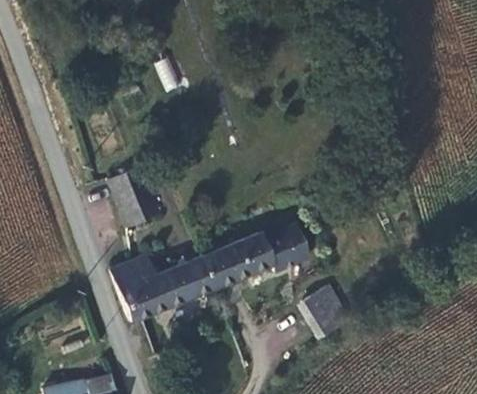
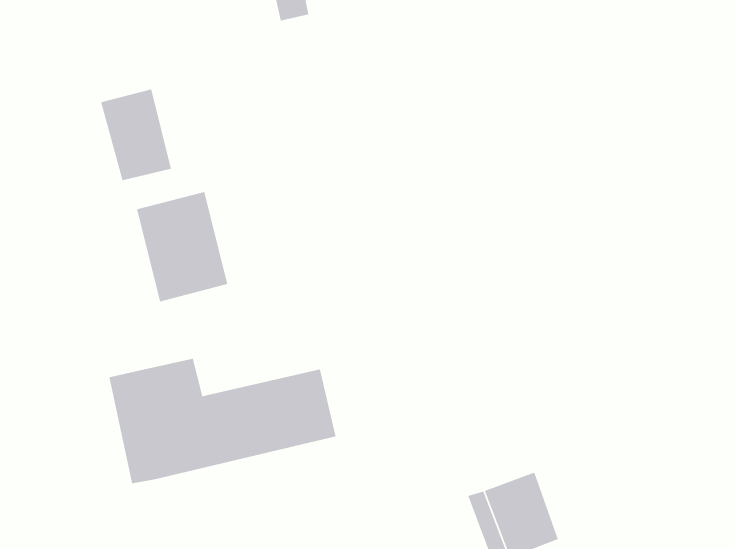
building: none -> [100,88,172,181]
building: [214,222,312,284] -> none

